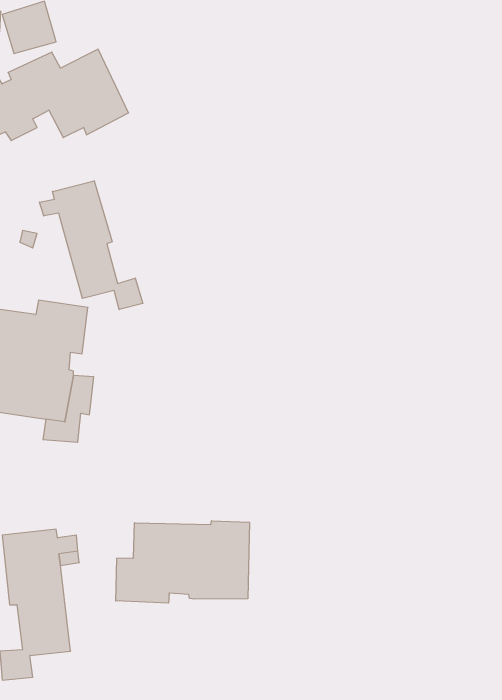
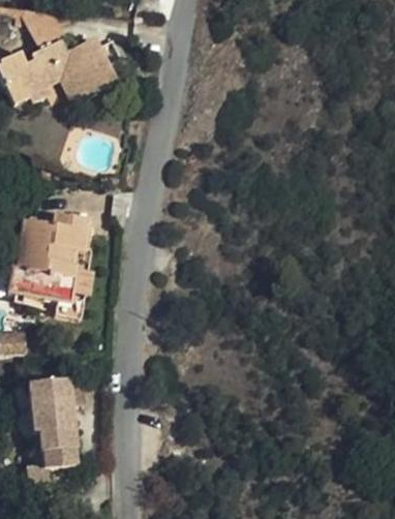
building: [40,181,143,310] -> none
building: [116,521,250,603] -> none

